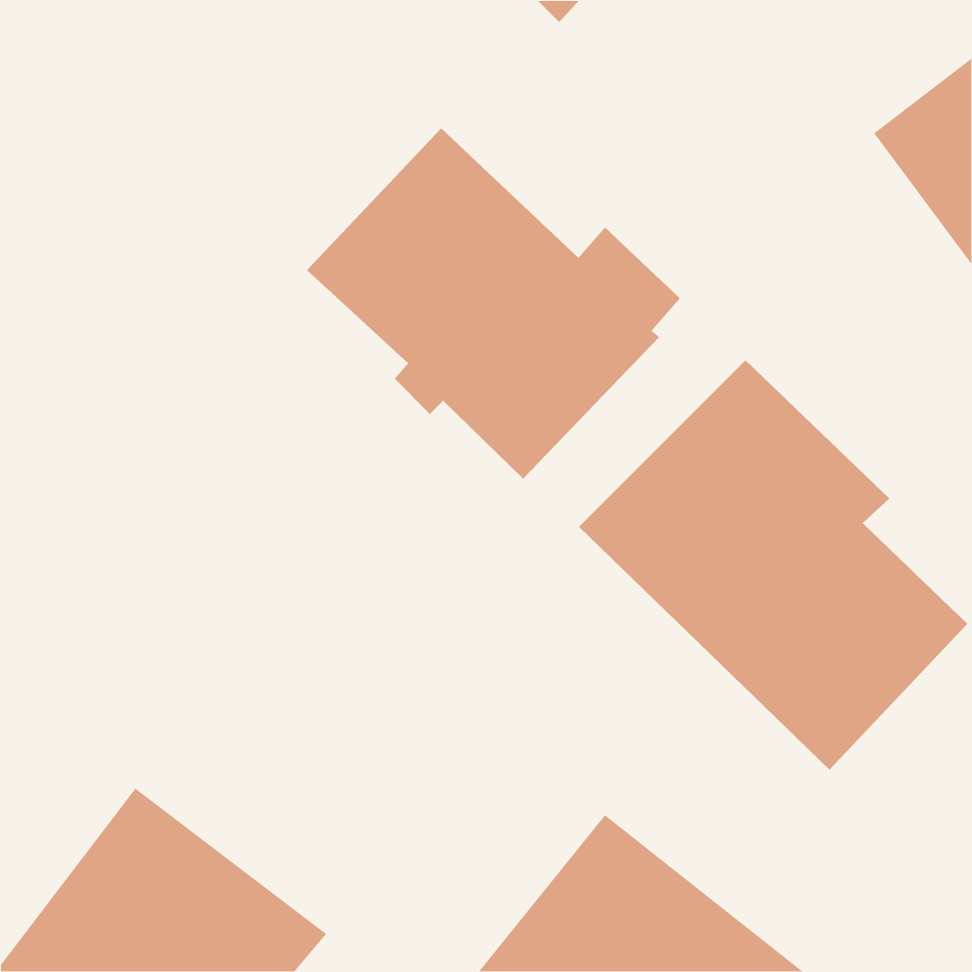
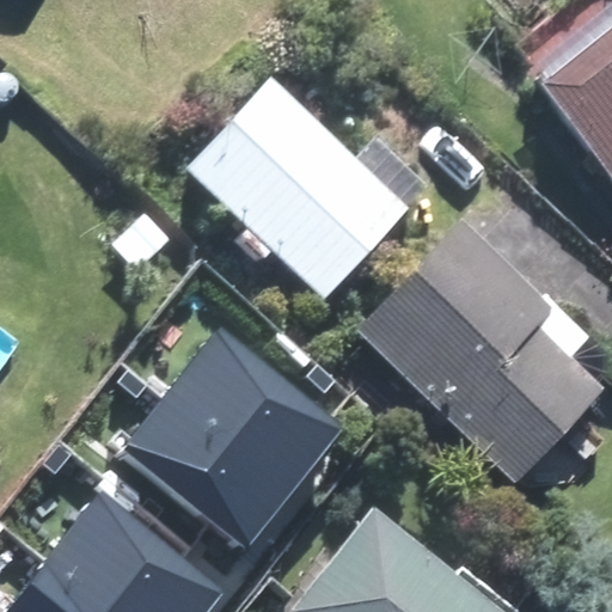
building: none -> [109,329,329,547]

